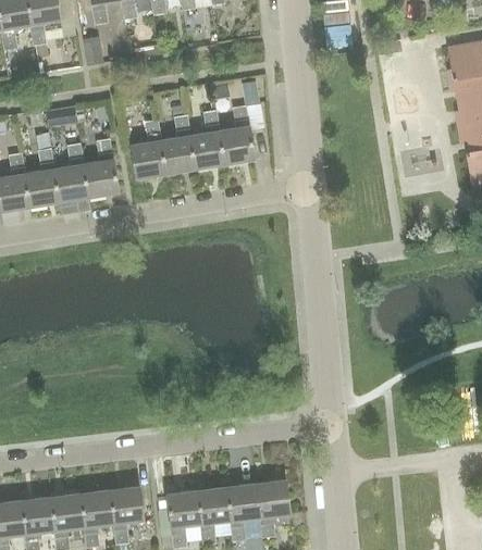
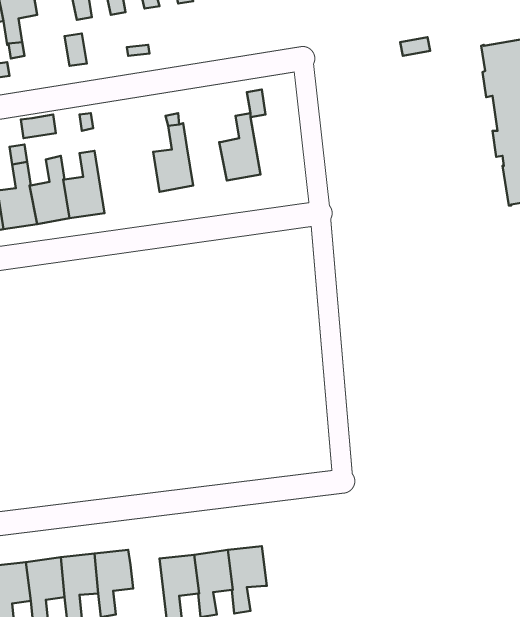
building: [190,110,225,168] -> none
building: [131,120,166,178] -> none
building: [256,479,289,537] -> none

